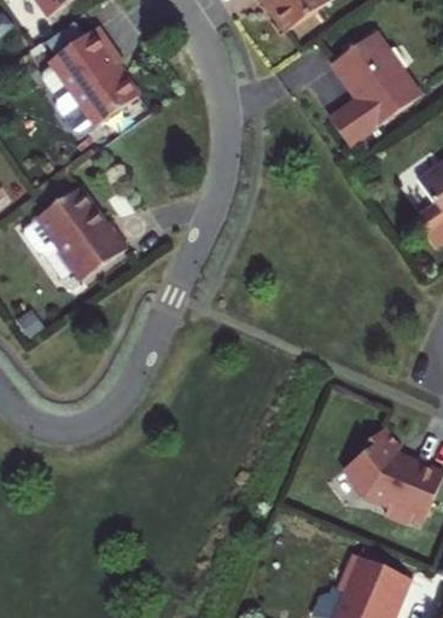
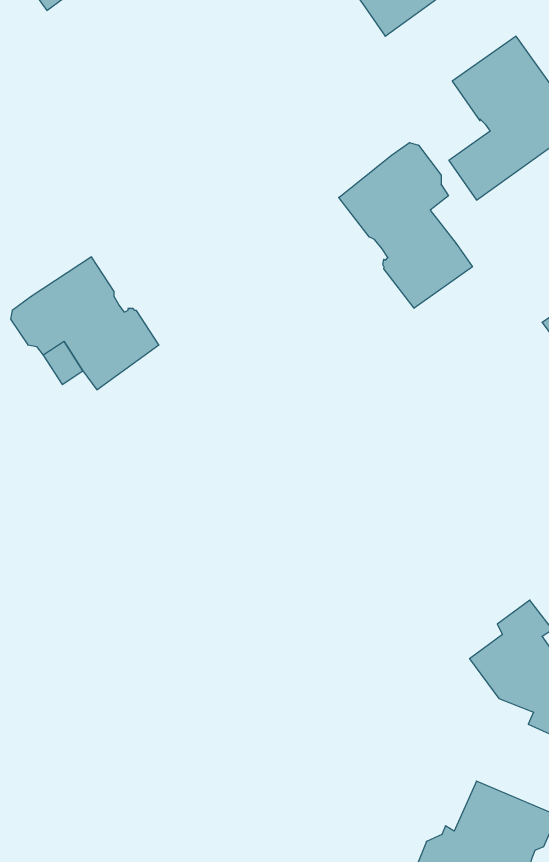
building: [49,24,139,128] -> none
building: none -> [339,143,472,308]

